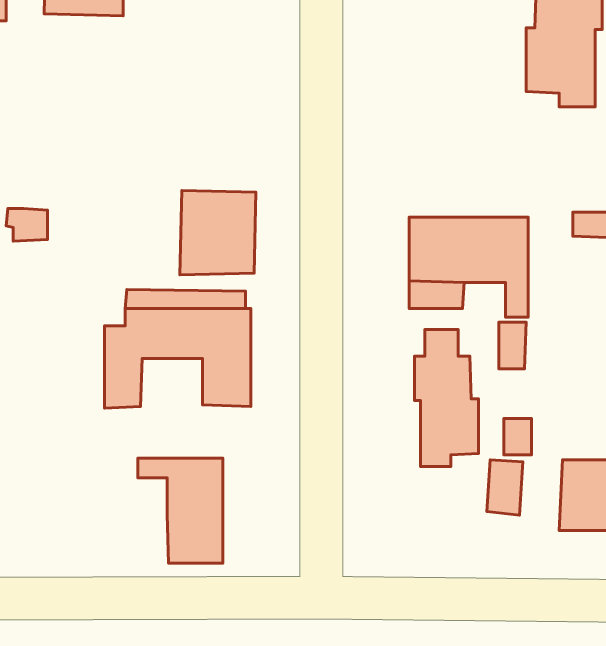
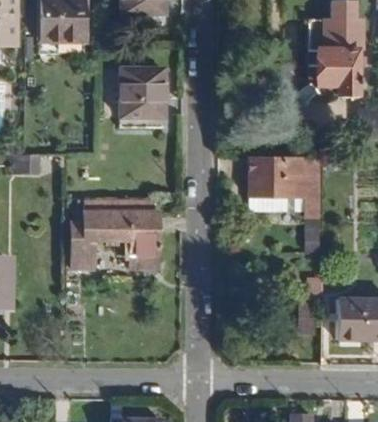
building: [180,190,256,275] -> [121,68,165,117]
building: [415,330,479,467] -> none
building: [138,458,223,563] -> none

